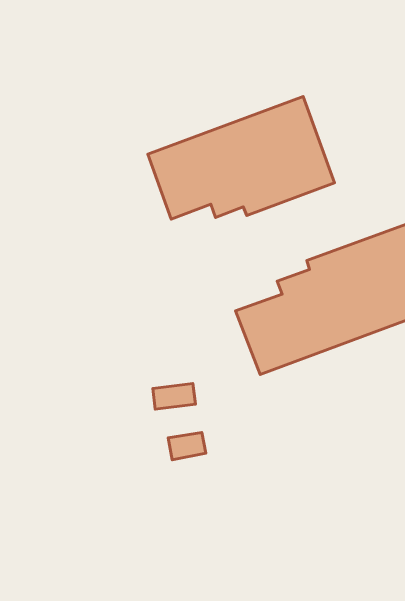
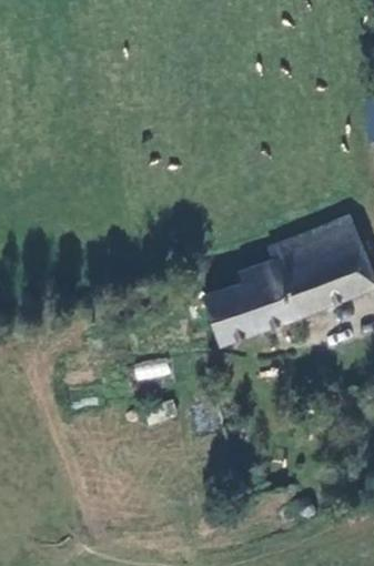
building: [148,97,334,219] -> none

